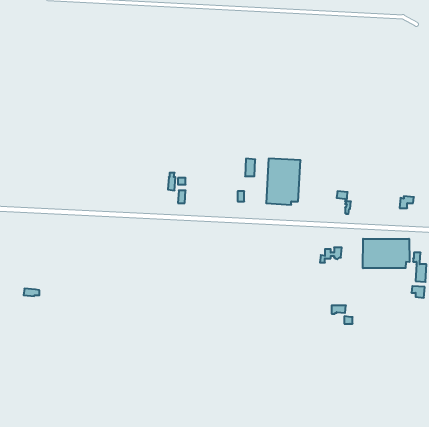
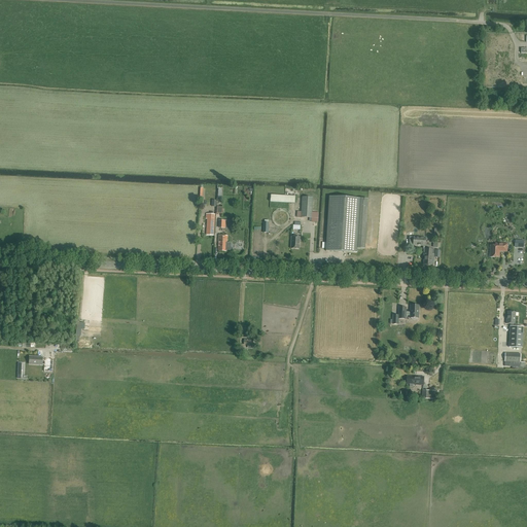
building: [363,239,409,268] -> none

